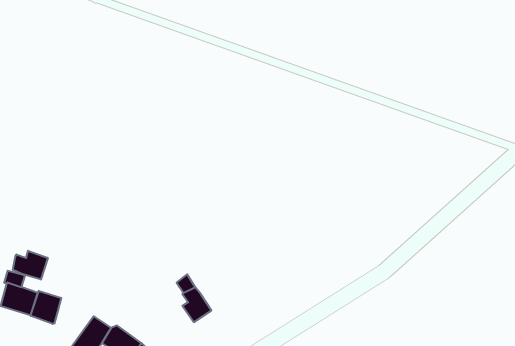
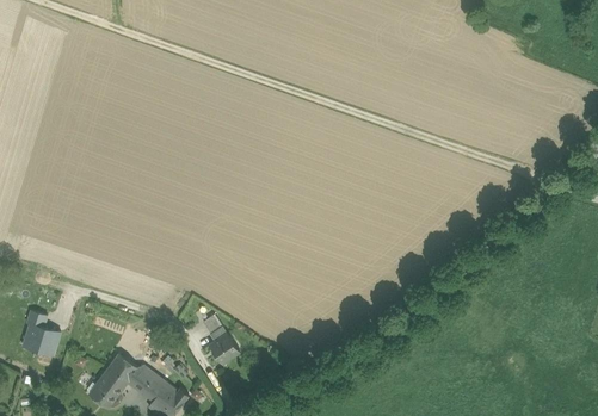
building: [13,251,48,280] -> none
building: [31,291,61,324] -> none

